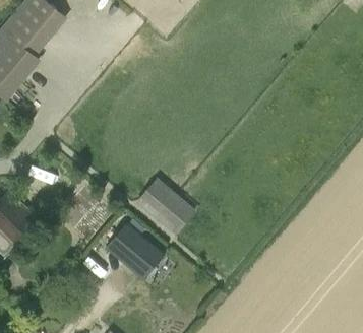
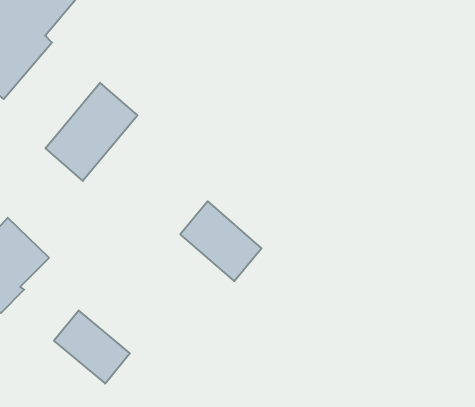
building: none -> [45,83,137,181]
building: [105,221,161,275] -> [54,310,130,384]

